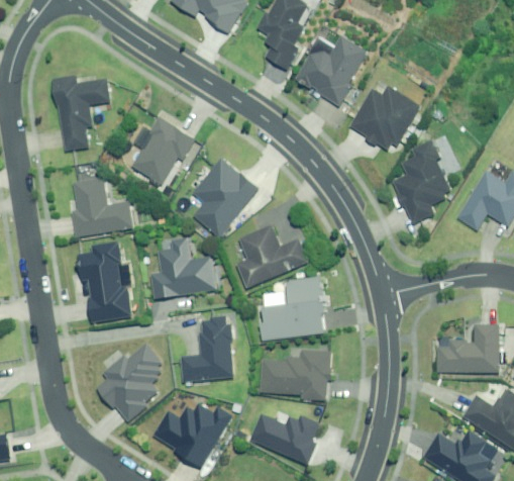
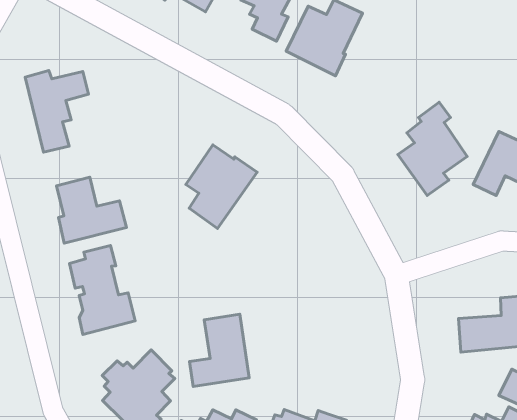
building: [348,87,421,154] -> none
building: [128,116,197,184] -> none
building: [236,224,308,288] -> none
building: [149,238,217,299] -> none
building: [260,277,325,340] -> none
building: [259,350,331,400] -> none

